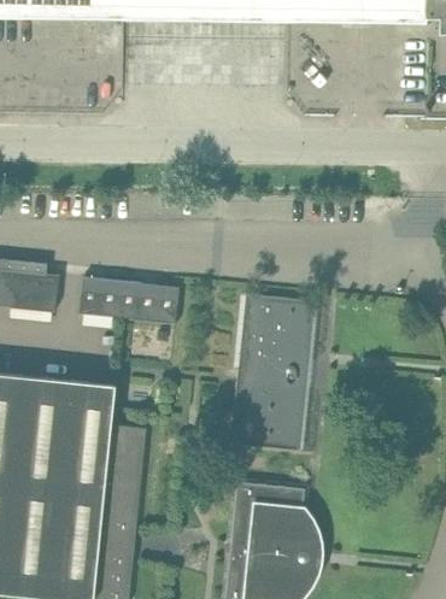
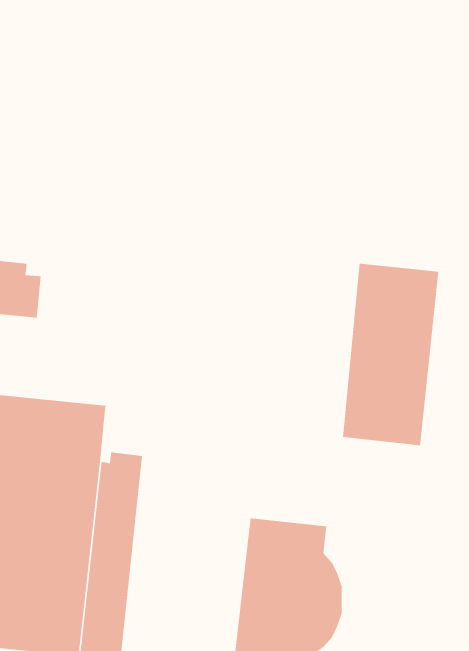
building: [78,277,178,323] -> none
building: [230,294,313,451] -> [342,263,439,446]

